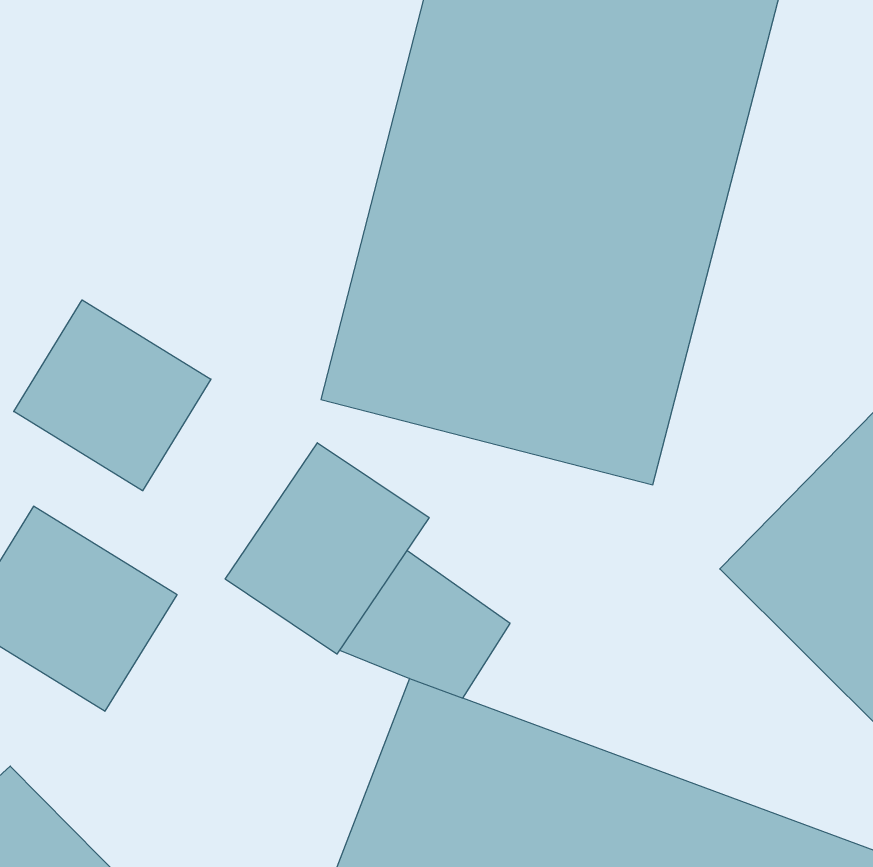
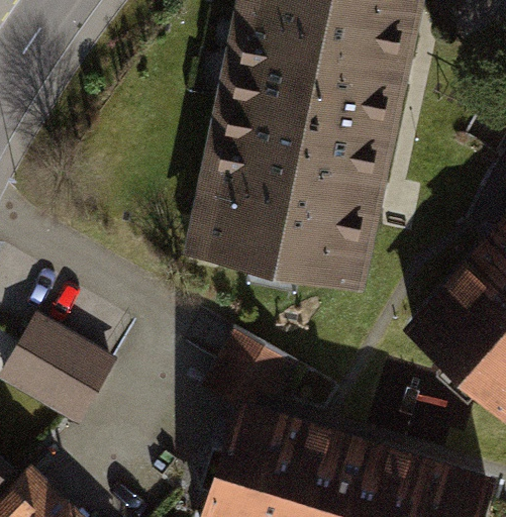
building: [14,300,211,491] -> none
building: [225,443,429,654] -> none

